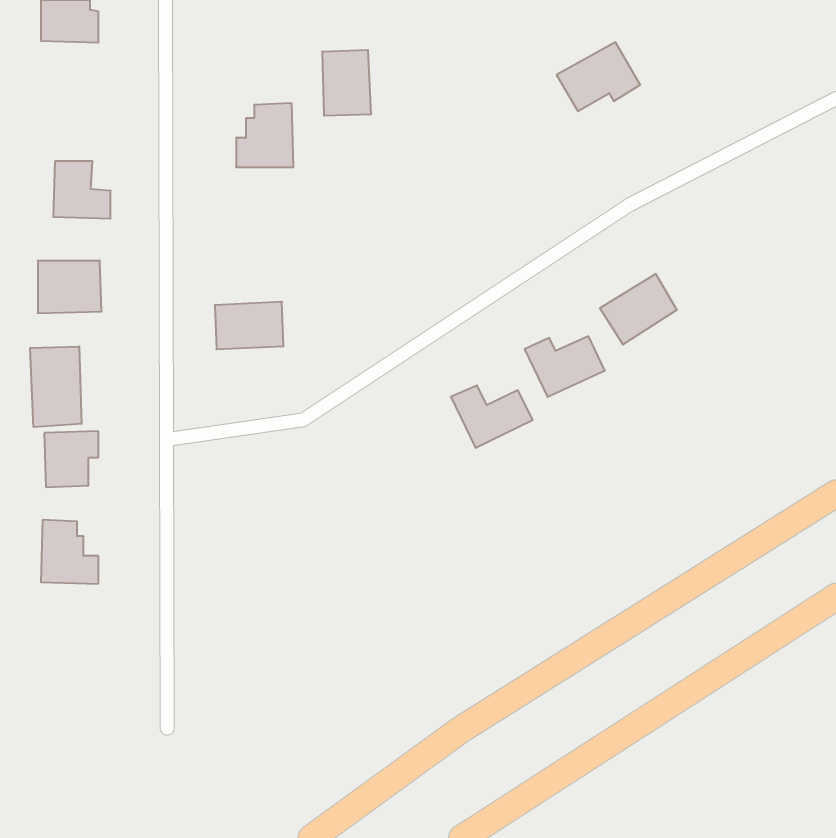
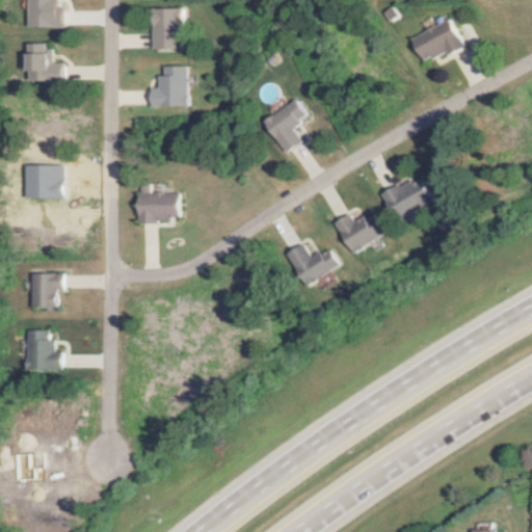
building: [557,42,640,111] -> [409,18,462,61]
building: [322,50,371,116] -> [150,8,181,50]
building: none -> [262,99,307,153]
building: [53,161,111,219] -> [26,45,62,81]
building: [30,346,81,427] -> none

